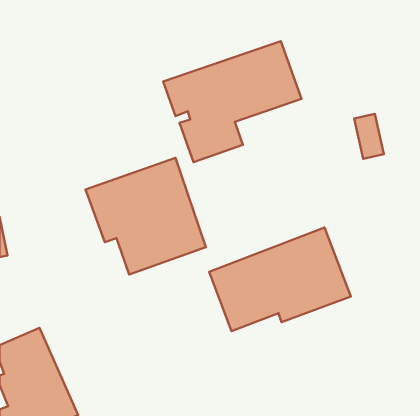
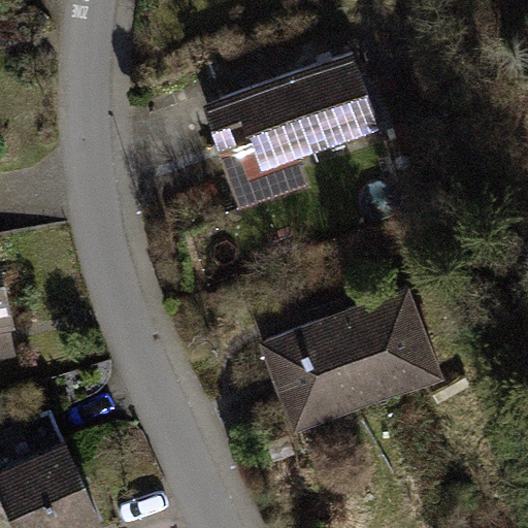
building: [85,158,206,274] -> none

